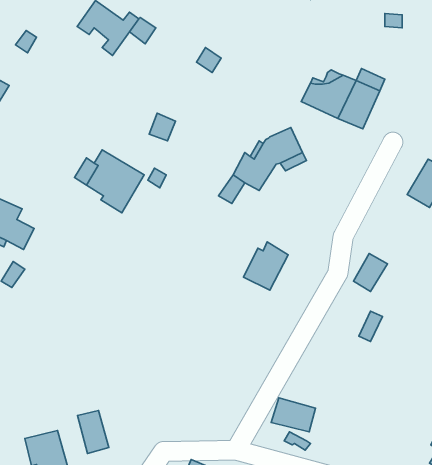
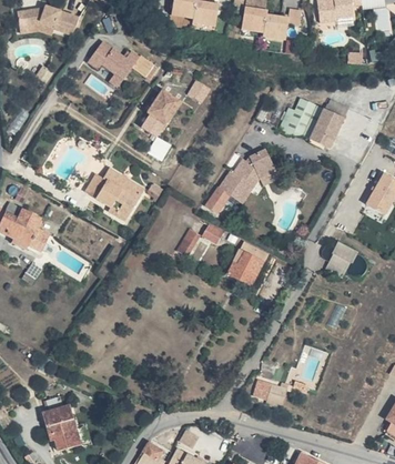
building: none -> [145,90,179,129]
building: none -> [179,224,223,255]
building: [77,411,109,454] -> none

